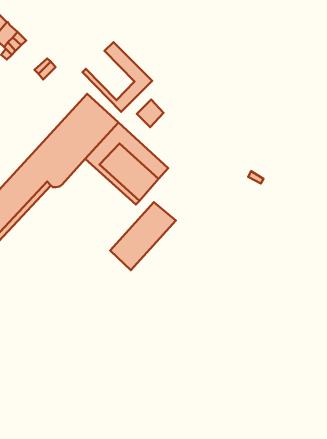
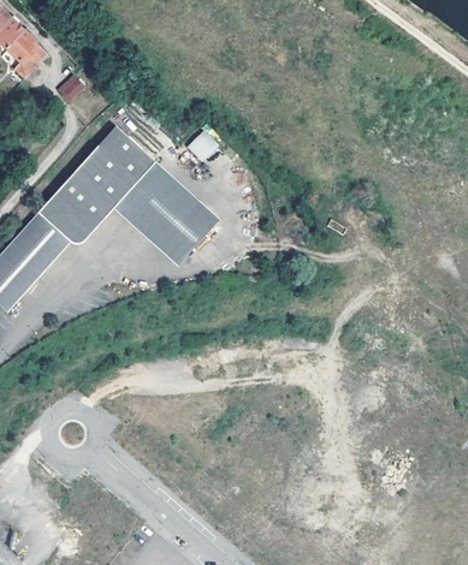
building: [83,42,152,112] -> none
building: [110,202,176,270] -> none

